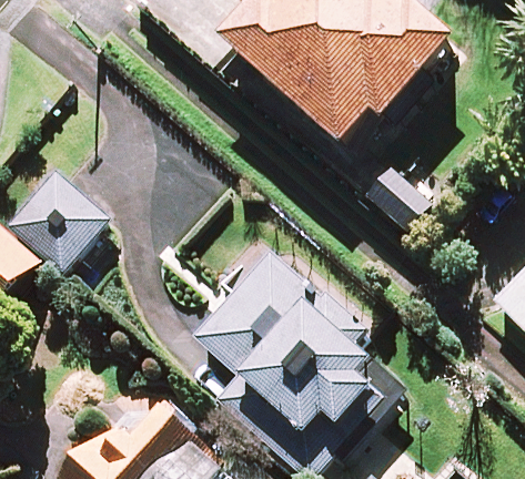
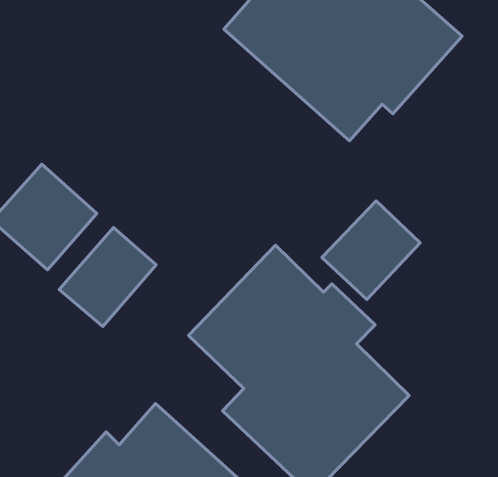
building: none -> [322,201,420,299]
building: none -> [59,227,156,327]

